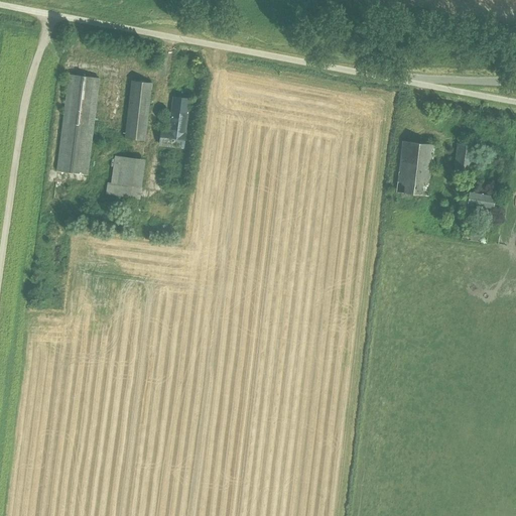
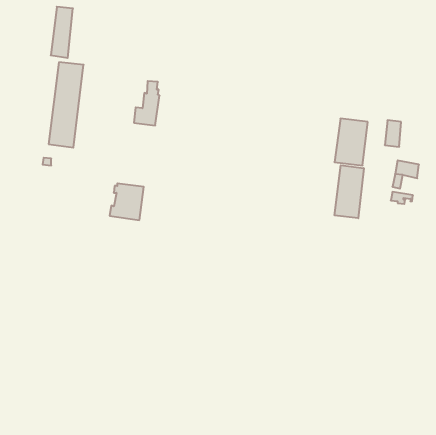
building: [125,80,151,140] -> [51,7,73,58]
building: [105,154,145,198] -> [110,183,144,220]
building: none -> [335,165,364,218]

